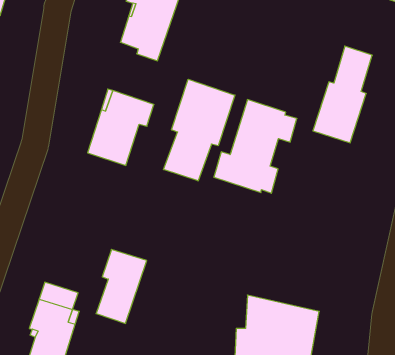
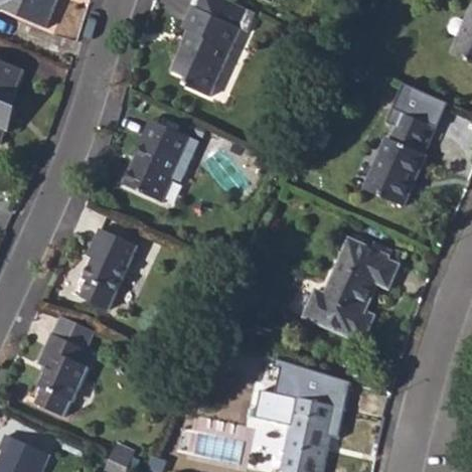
building: [164,79,235,181] -> none
building: [214,100,297,193] -> [304,238,400,340]
building: [96,249,147,323] -> [75,228,136,309]

